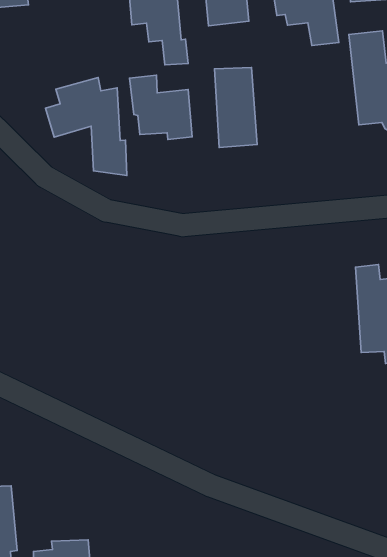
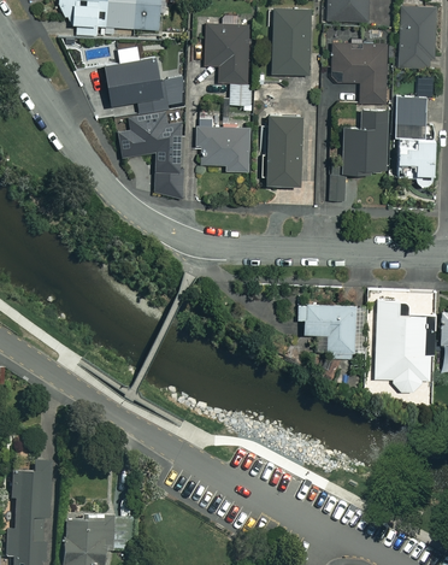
building: none -> [107,53,185,111]
building: none -> [330,108,387,202]
building: none -> [299,304,365,352]

